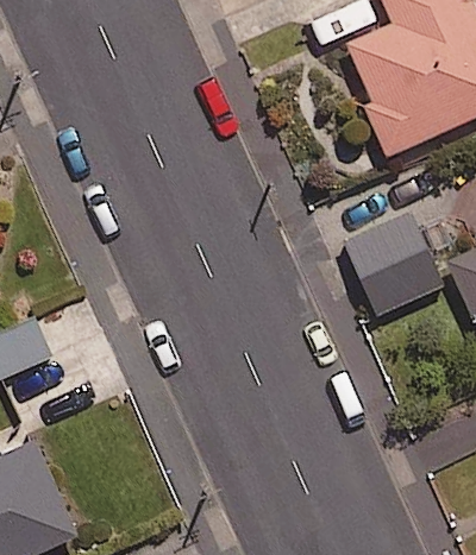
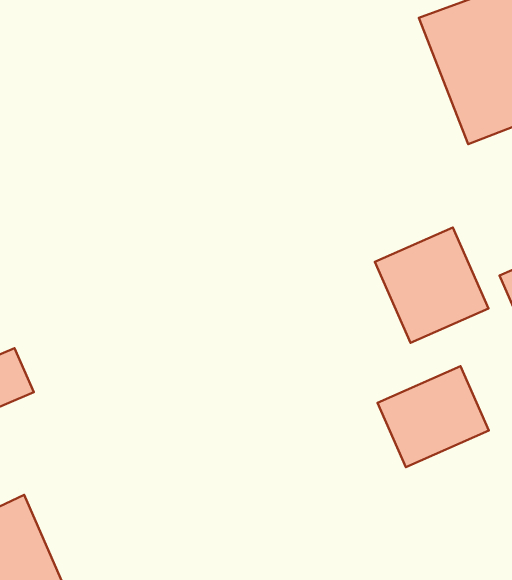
building: none -> [377,366,489,467]

